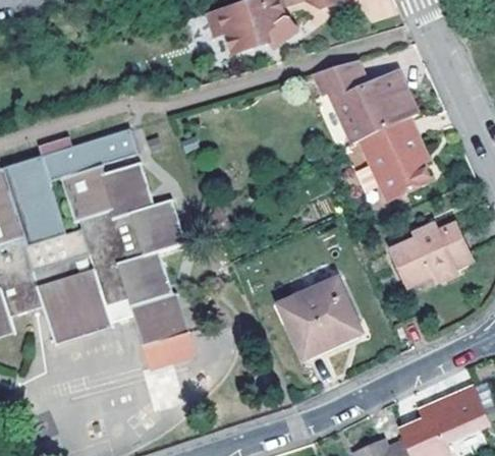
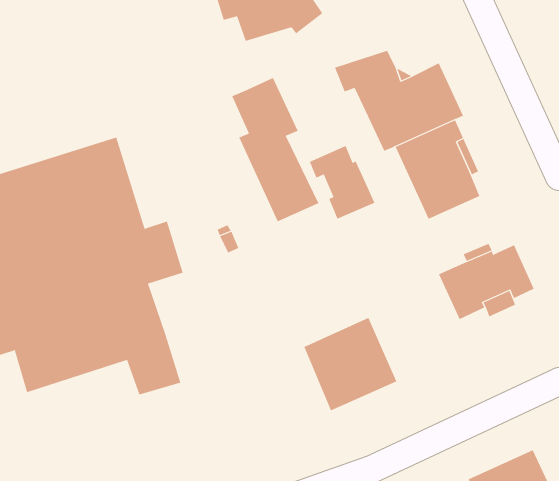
building: none -> [231,77,319,222]
building: none -> [309,145,375,220]
building: [147,333,188,364] -> none

